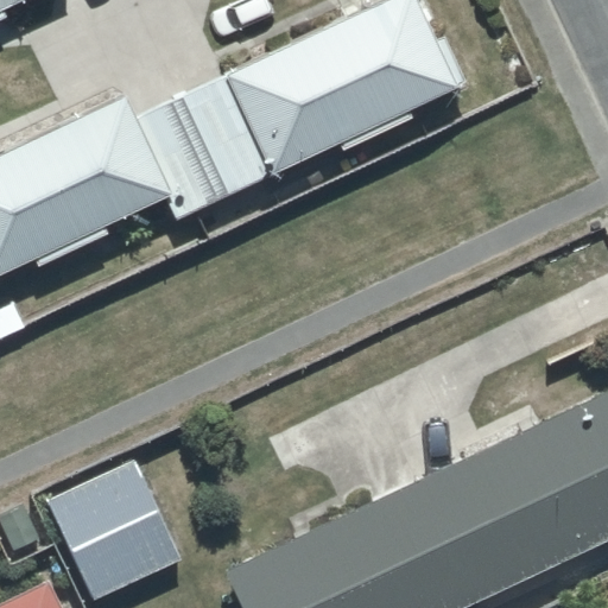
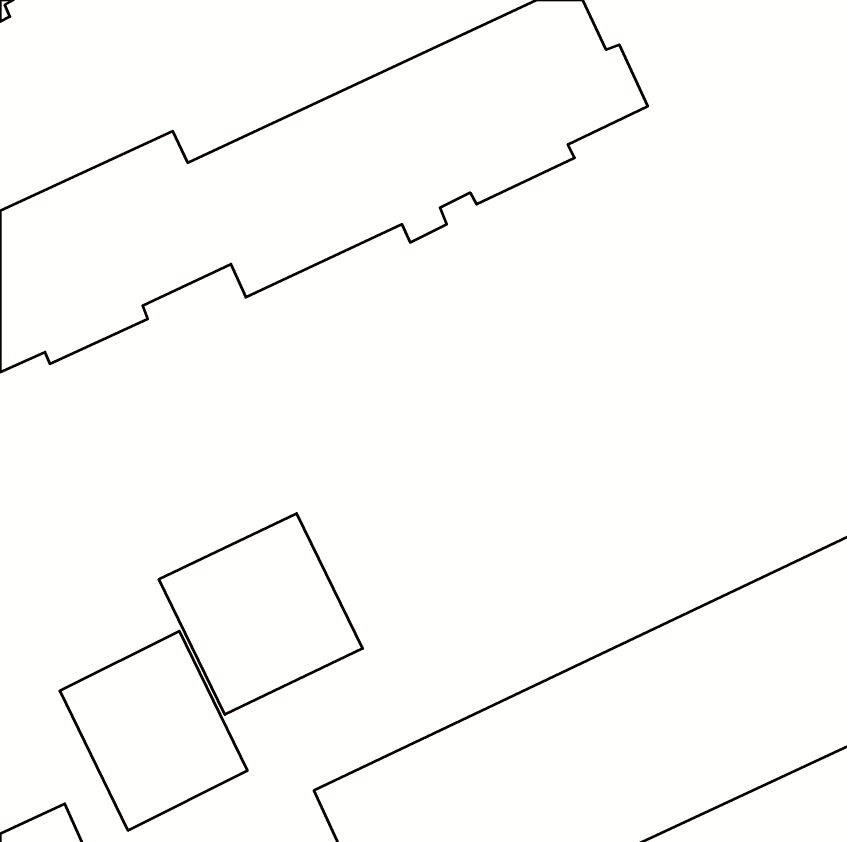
building: none -> [159,513,363,715]

